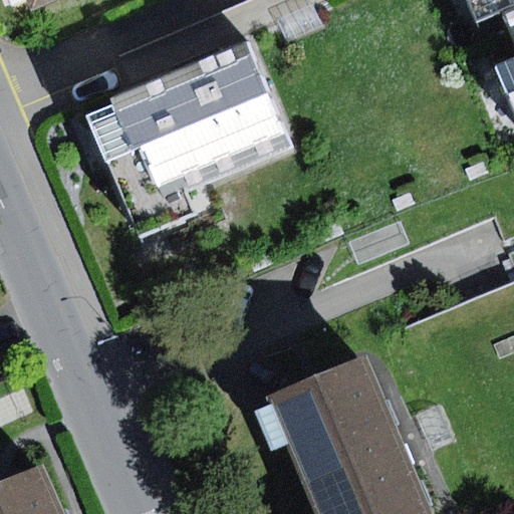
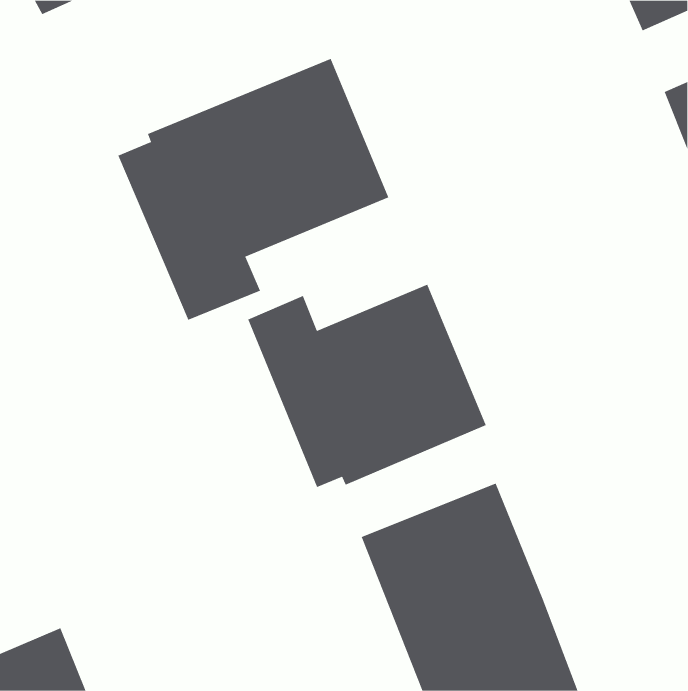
building: none -> [248,284,486,488]

